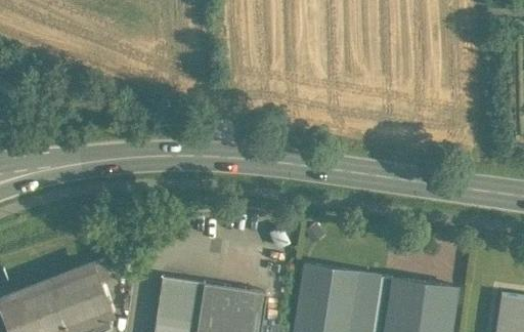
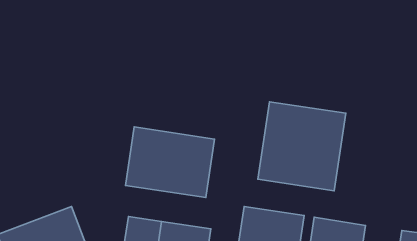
building: none -> [258,102,346,191]
building: none -> [126,127,214,197]

